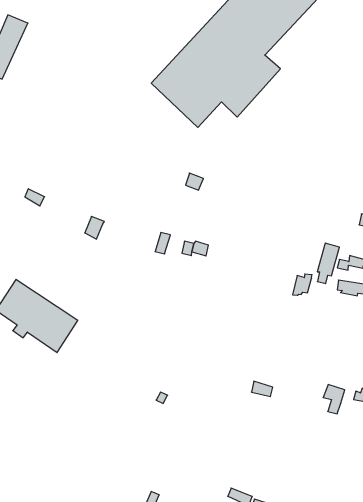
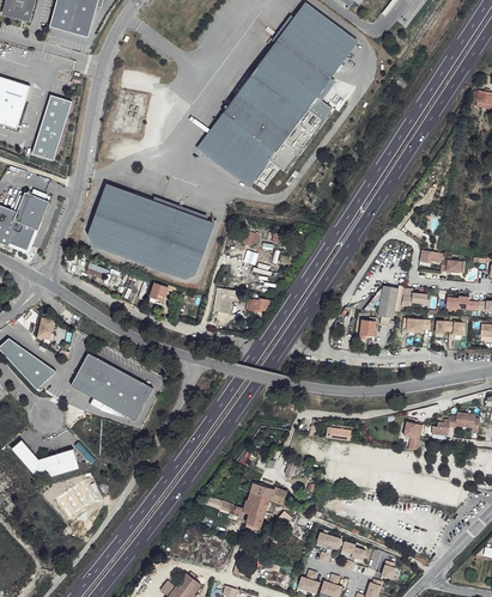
building: none -> [87,183,213,278]
building: none -> [201,482,285,534]

